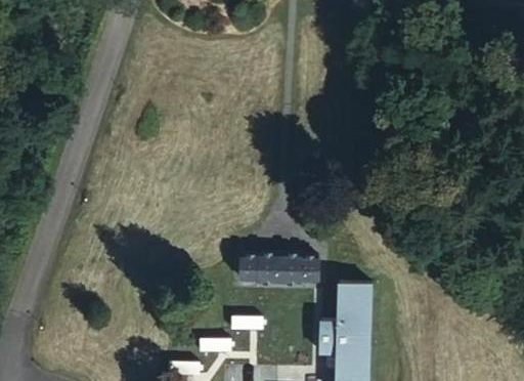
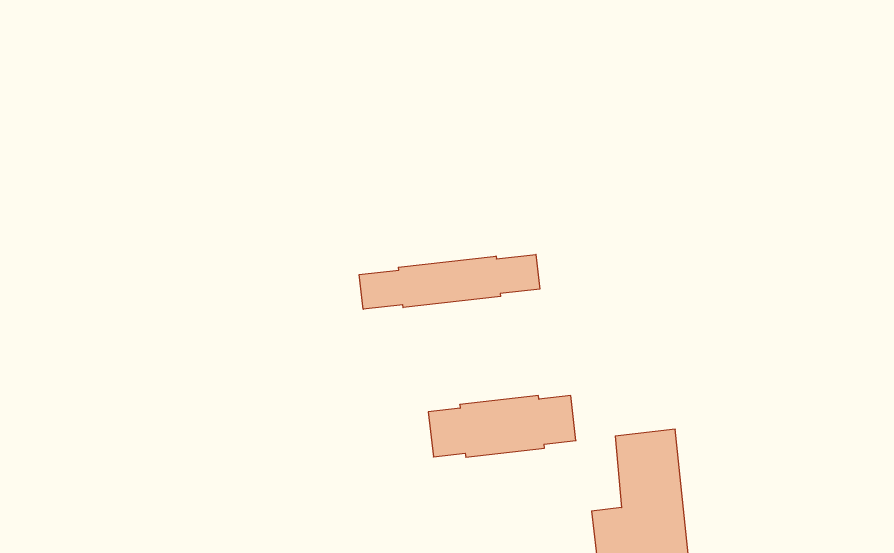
building: none -> [359,254,540,309]

